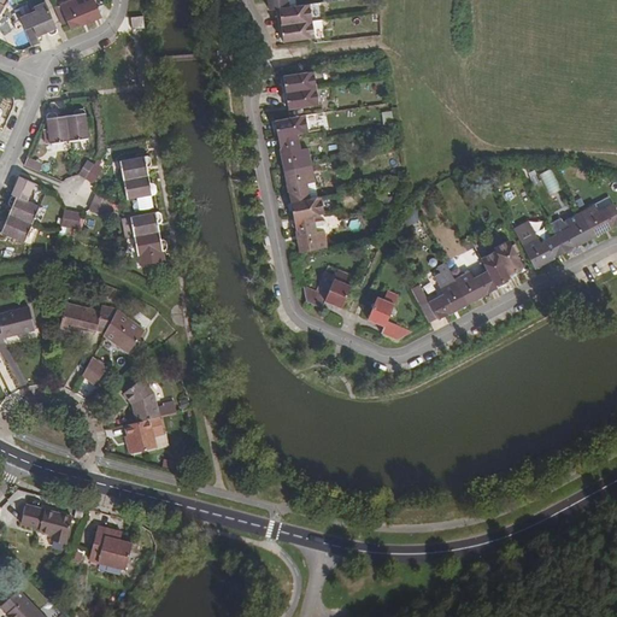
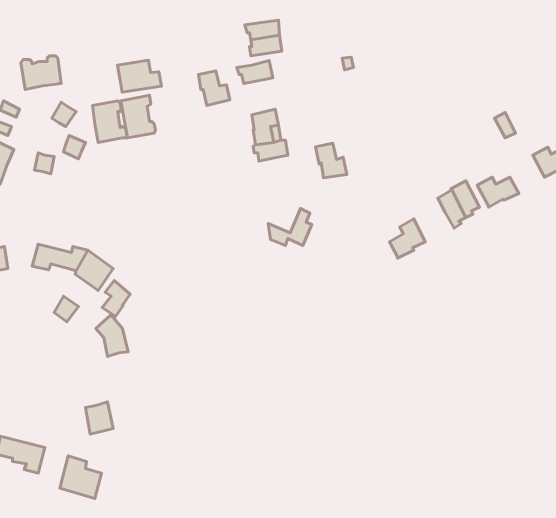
building: none -> [117,60,162,92]
building: [278,134,311,170] -> [199,71,230,106]
building: [130,211,166,255] -> [121,95,155,138]
building: [550,212,592,252] -> none
building: [294,215,327,251] -> [316,143,347,178]
building: [456,271,498,302] -> none
building: [370,290,415,340] -> none
building: none -> [102,281,130,317]
building: [125,418,154,452] -> [86,402,113,434]

